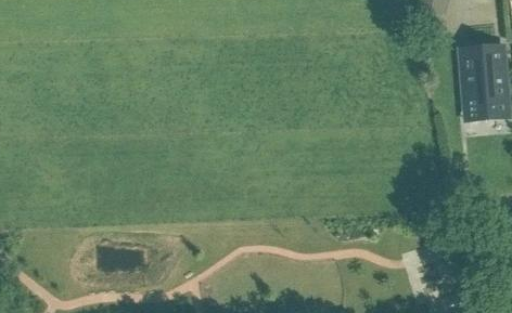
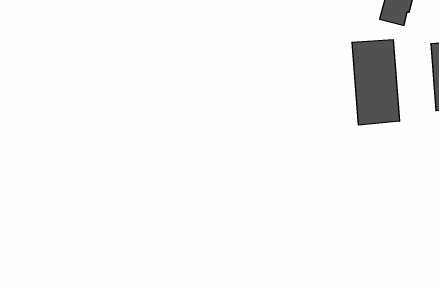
building: none -> [352,40,399,125]

